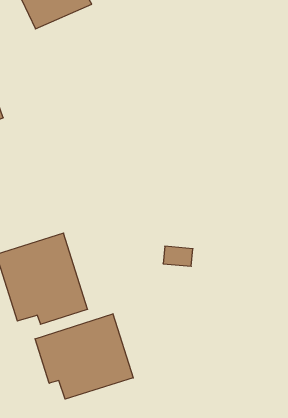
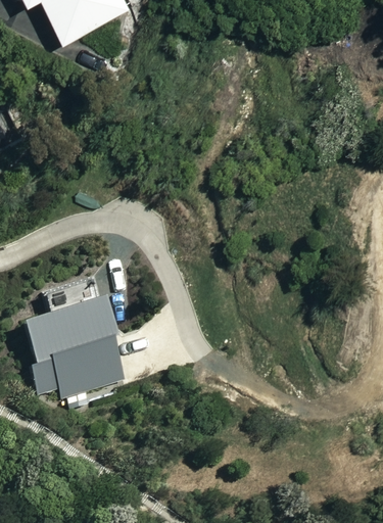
building: [35,314,133,399] -> none

